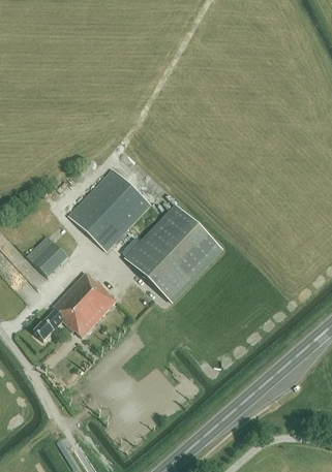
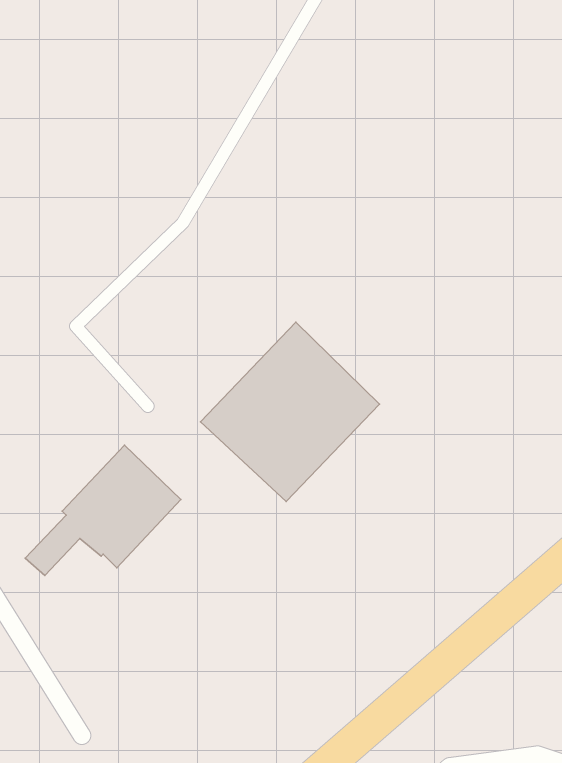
building: [68,168,149,251] -> none
building: [31,242,67,277] -> none

